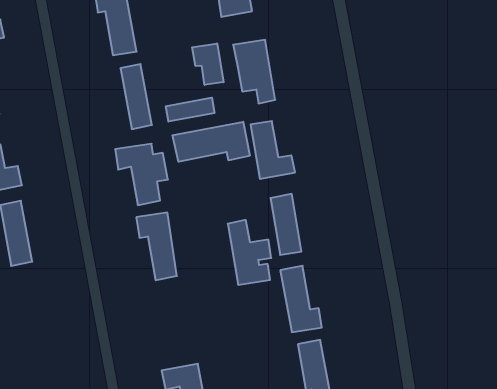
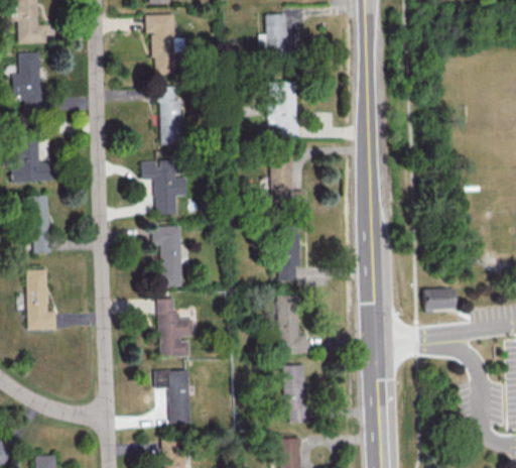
building: [192,43,224,85] -> none
building: [166,98,214,122] -> none
building: [172,122,250,162] -> none
building: [228,220,271,285] -> [159,298,195,356]
building: none -> [423,289,456,315]
building: none -> [27,268,56,330]

